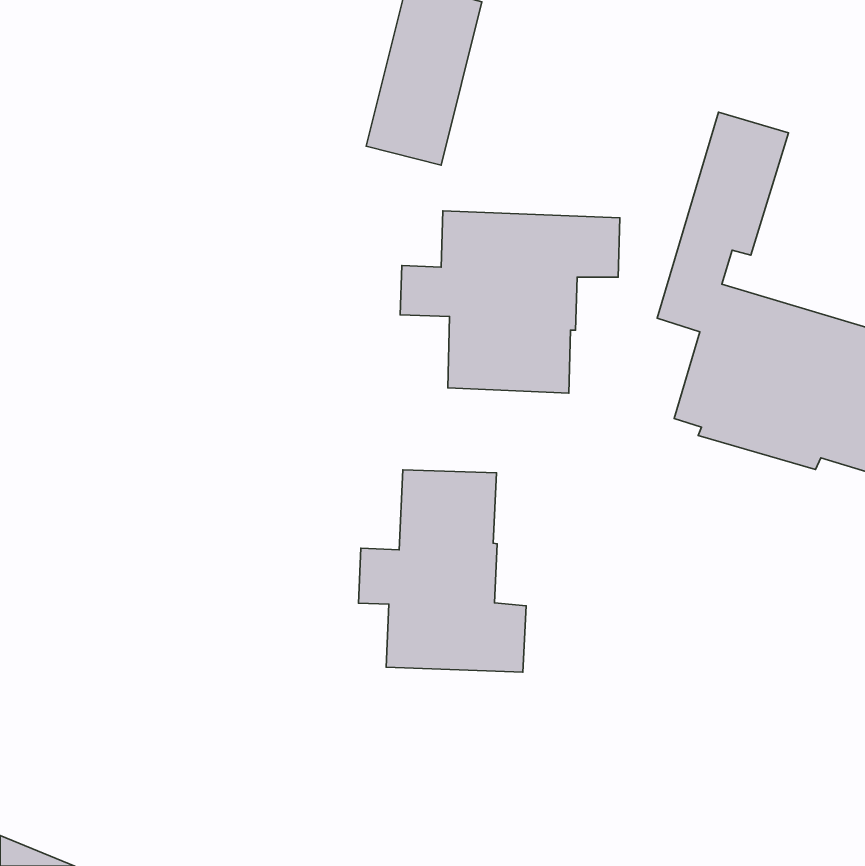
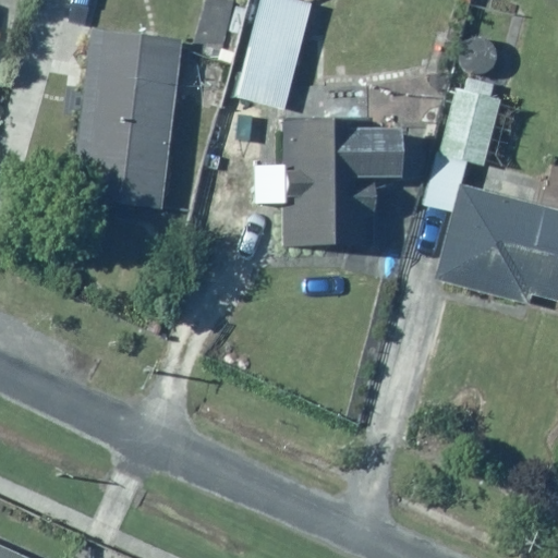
building: none -> [82,25,175,201]
building: [359,470,526,672] -> none

